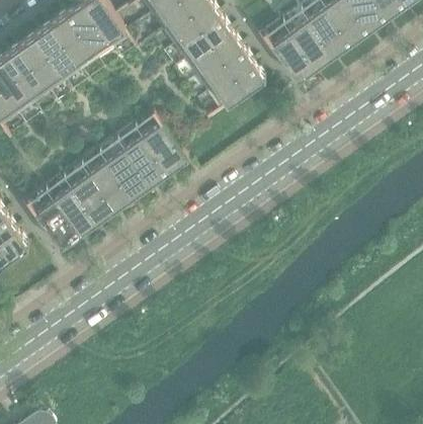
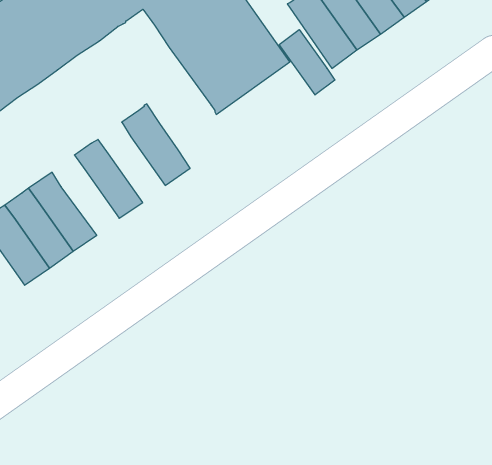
building: none -> [279,30,335,95]
building: [115,121,167,183] -> none
building: [80,147,132,208] -> none

